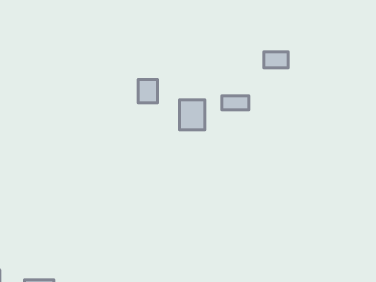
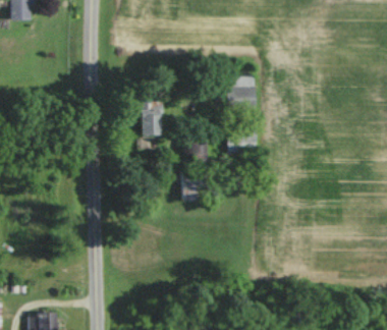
building: [264,52,288,68] -> [228,89,253,105]
building: none -> [182,173,201,202]

